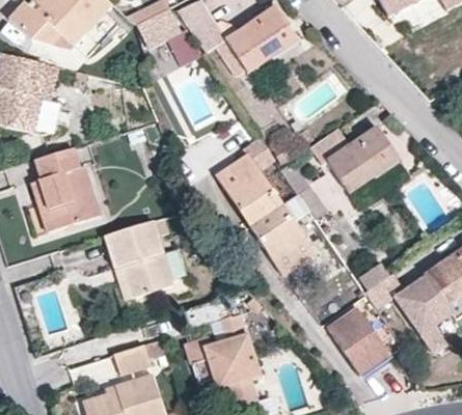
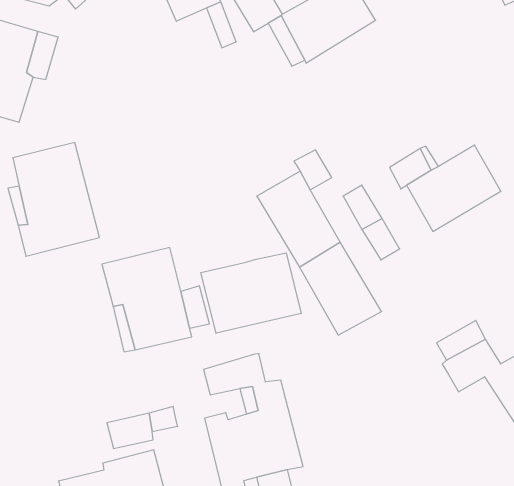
building: none -> [201,253,301,333]
building: [330,299,401,374] -> none

